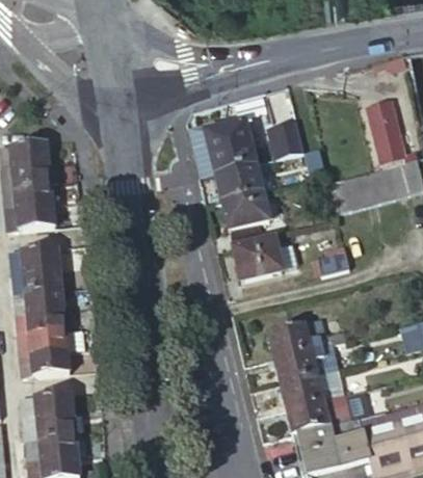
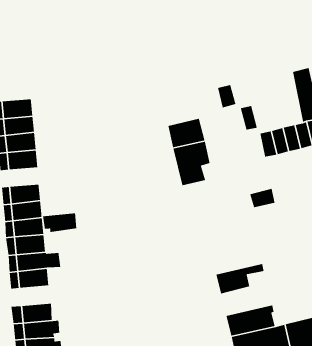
building: [205,122,255,175] -> none
building: [233,239,296,284] -> none
building: none -> [42,212,77,233]
building: [268,317,333,357] -> none
building: [281,373,345,408] -> none

